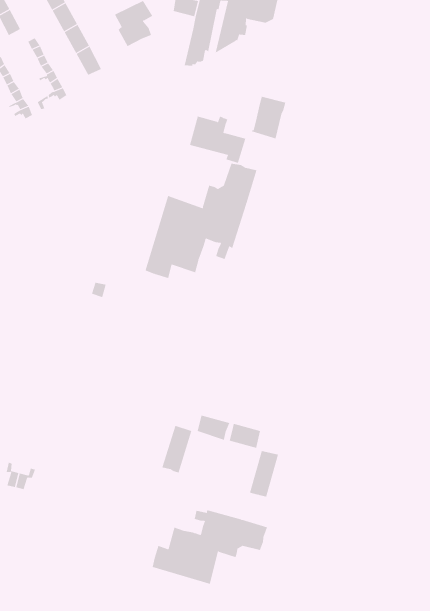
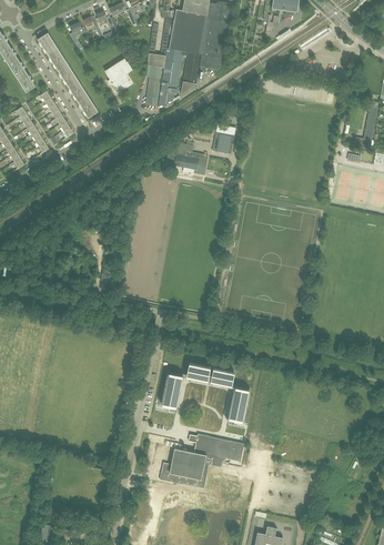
building: none -> [145,64,164,105]
building: [145,163,257,279] -> none

